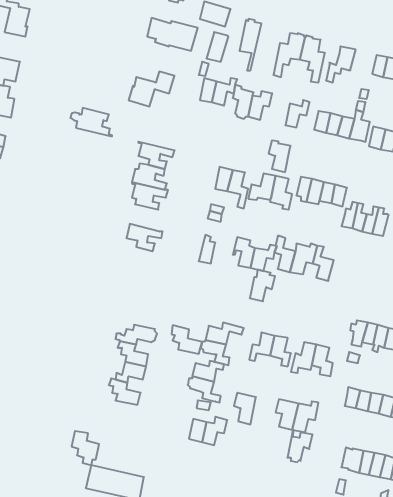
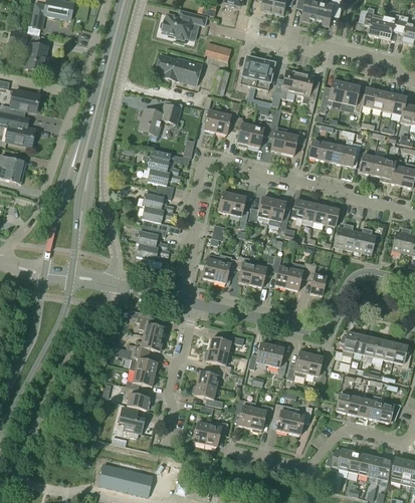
building: none -> [249,59,273,107]
building: none -> [341,83,363,111]
building: [70,108,112,136] -> [142,150,180,176]
building: [269,140,291,172] -> [266,123,286,153]
building: none -> [136,225,168,250]
building: [250,270,275,301] -> [213,253,236,282]
building: [172,325,202,354] -> [137,313,165,339]
building: [287,430,313,462] -> [249,402,272,431]
building: [72,431,99,465] -> [119,407,144,438]

